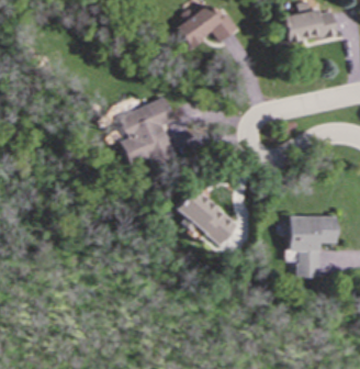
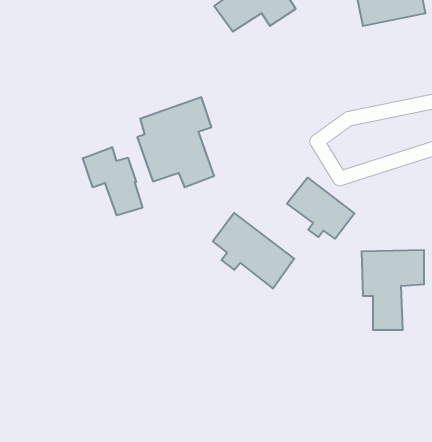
building: none -> [83,147,142,215]
building: none -> [287,178,355,239]

